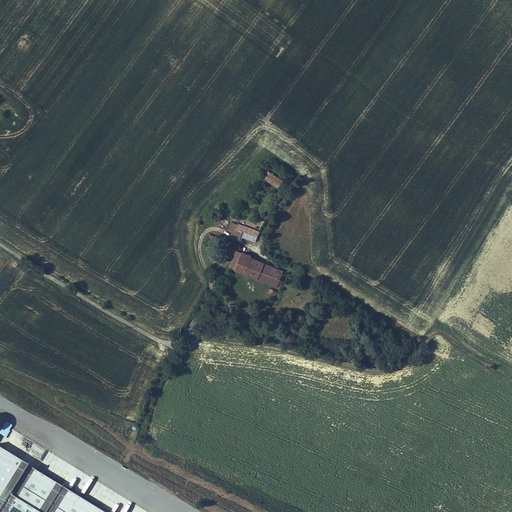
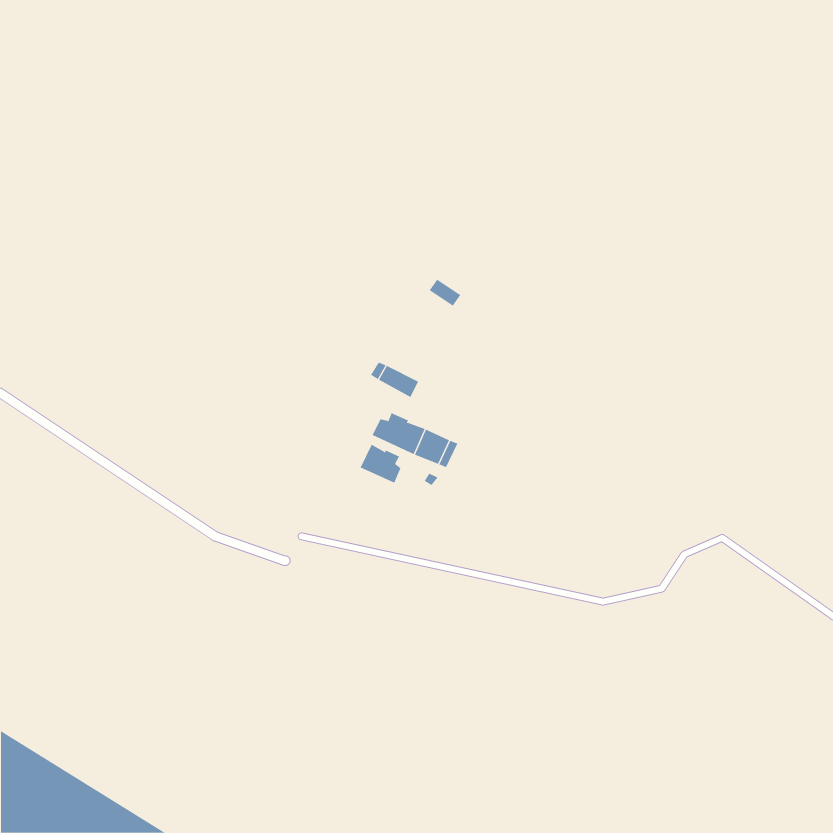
building: none -> [360,444,401,484]

